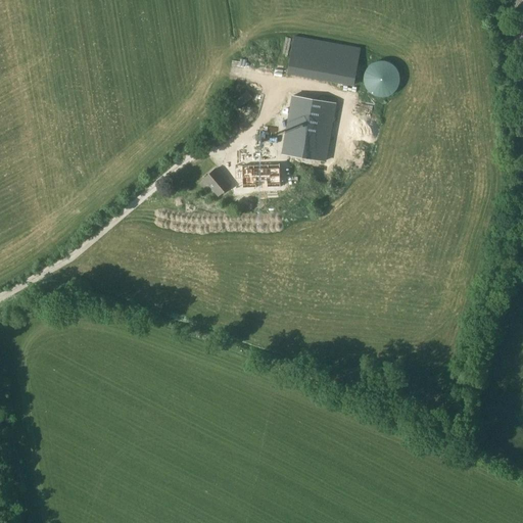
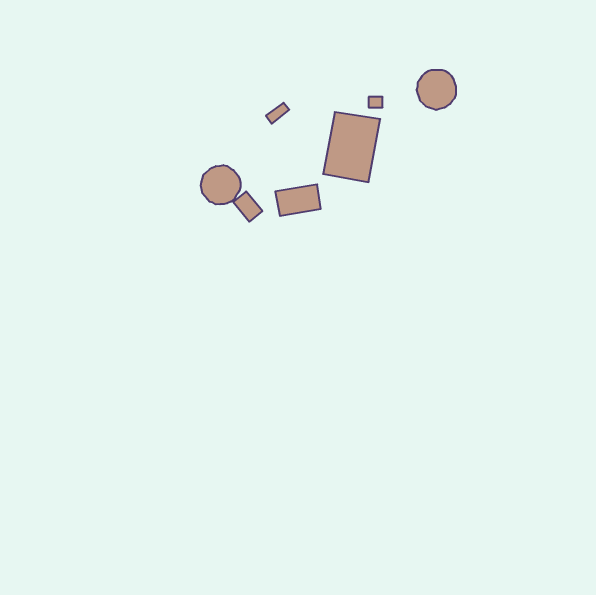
building: [289,36,360,84] -> none
building: none -> [201,165,241,204]

